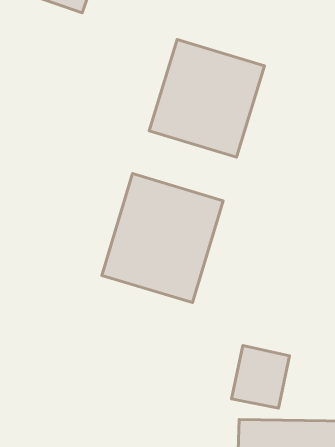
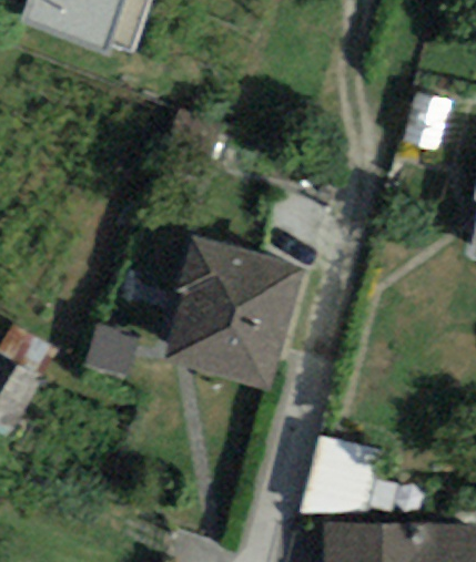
building: [149,39,264,157] -> none

